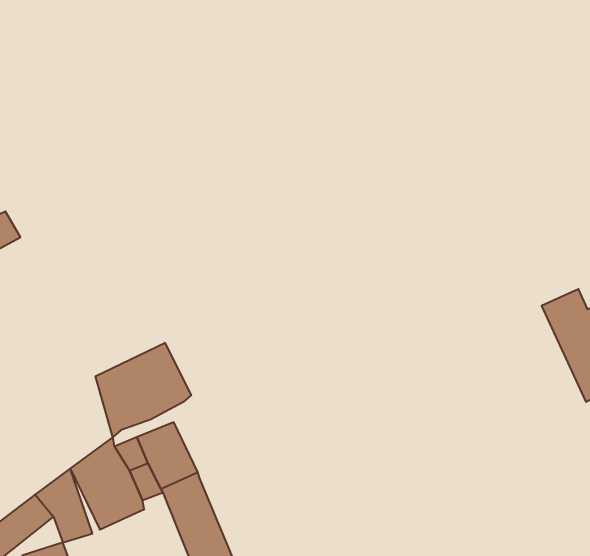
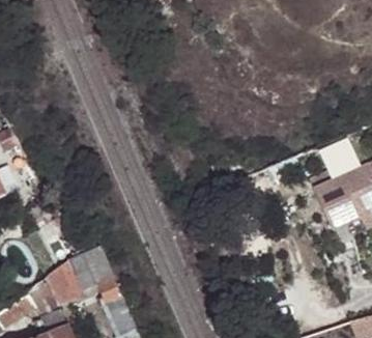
building: [96,343,191,437] -> none

